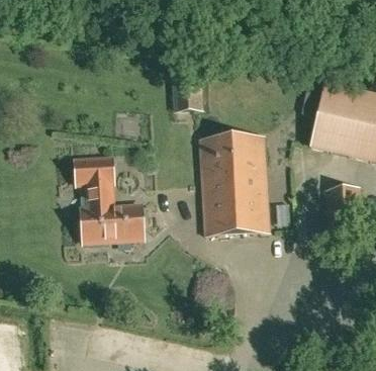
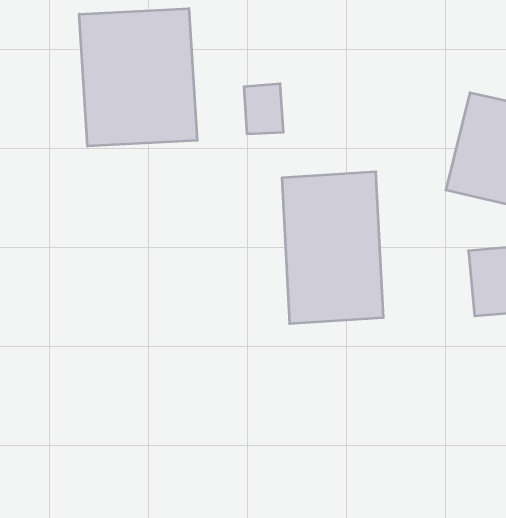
building: none -> [79,8,197,146]
building: [75,157,143,242] -> none

